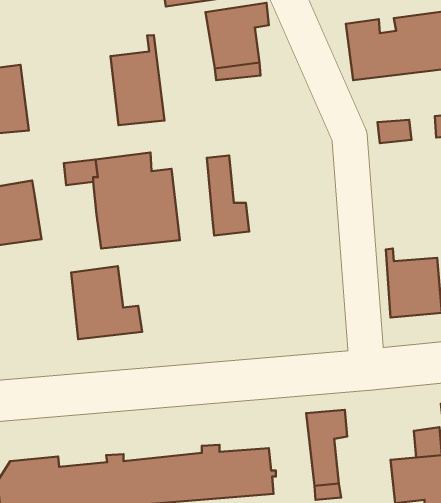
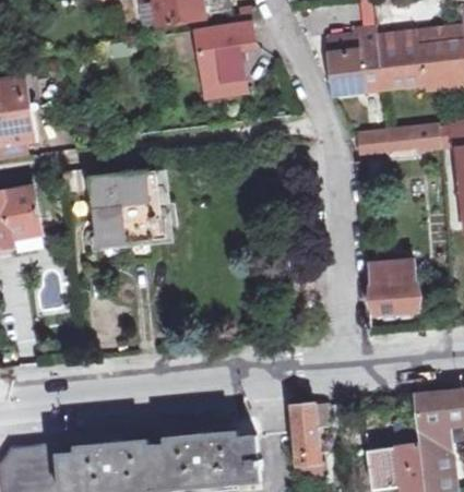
building: [110,35,164,125] -> none
building: [207,155,249,235] -> none
building: [71,266,142,339] -> none

